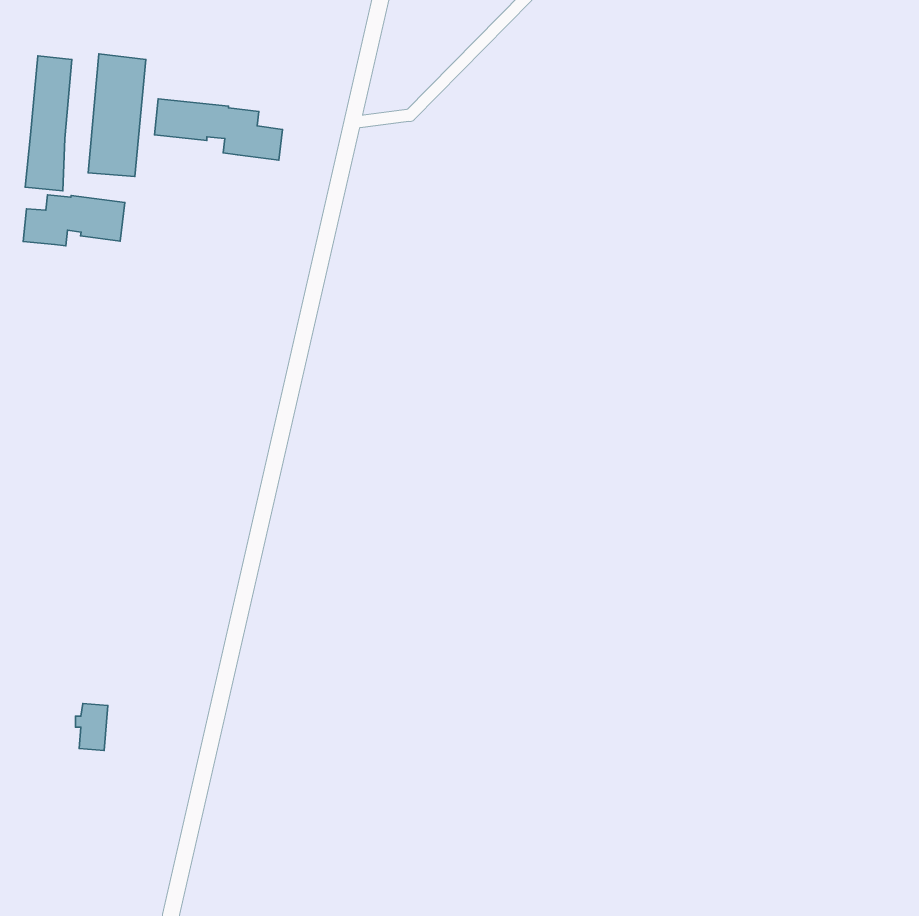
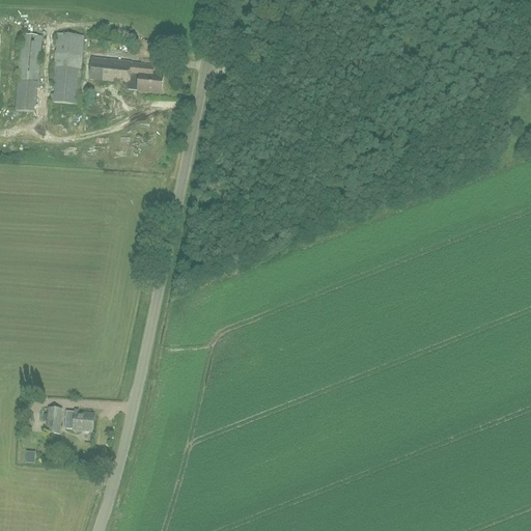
building: [23,195,125,246] -> none
building: none -> [64,410,94,431]

